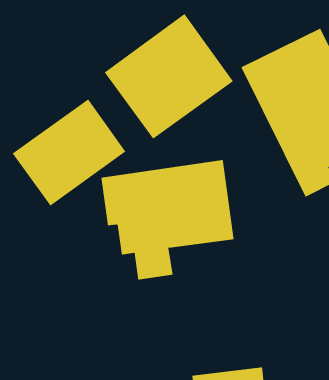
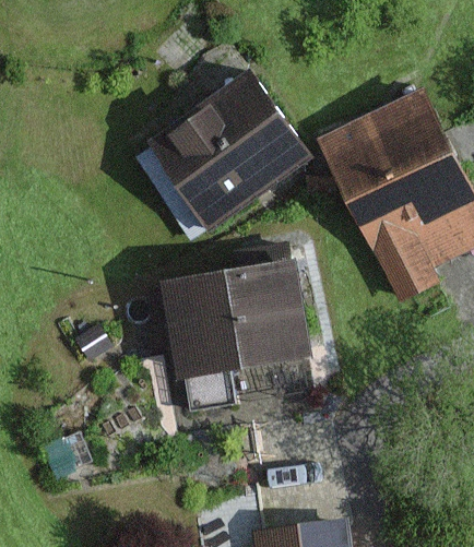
building: [12,99,126,207] -> none

